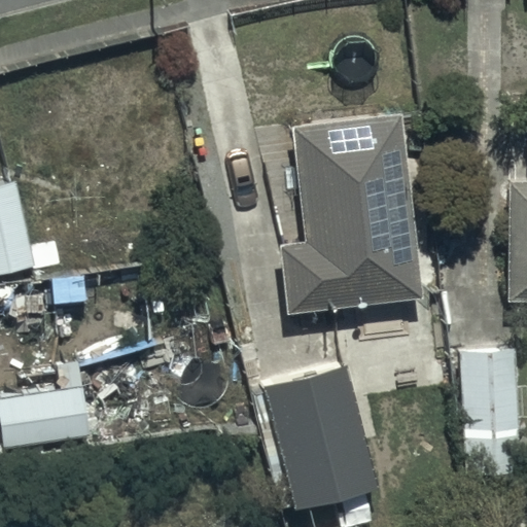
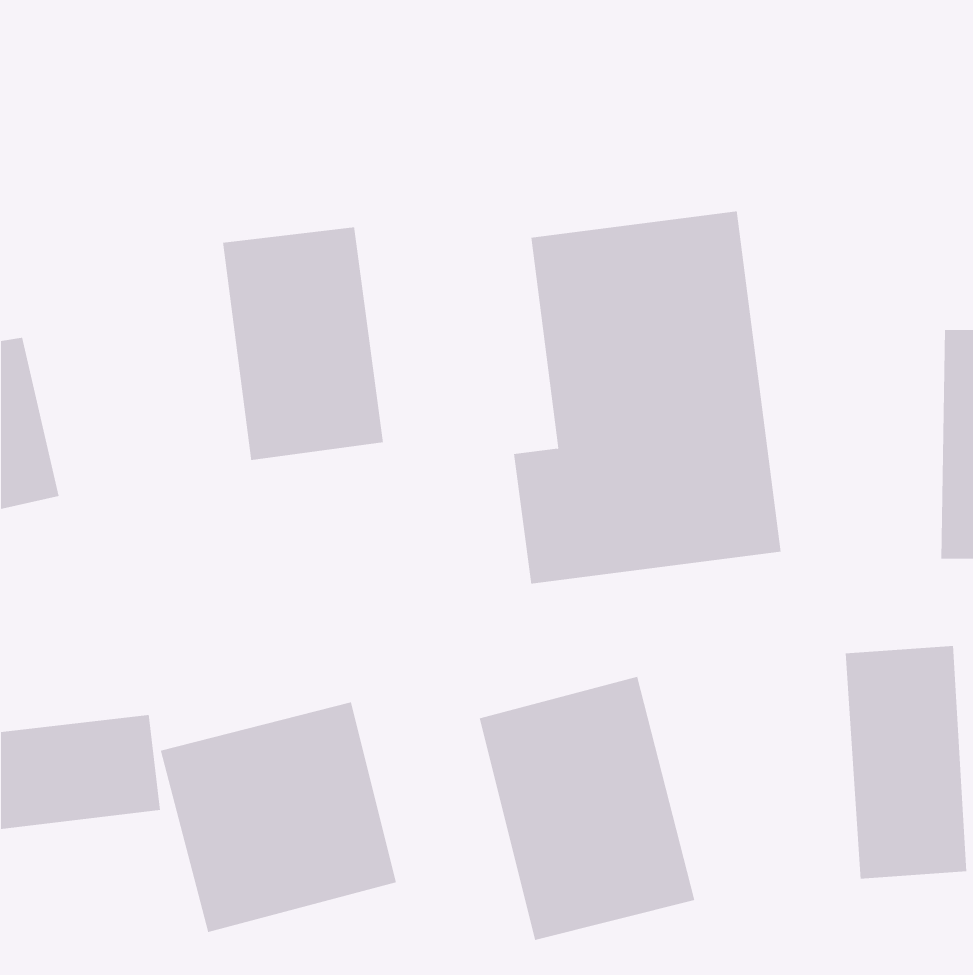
building: none -> [222,226,384,461]
building: none -> [160,701,397,933]

